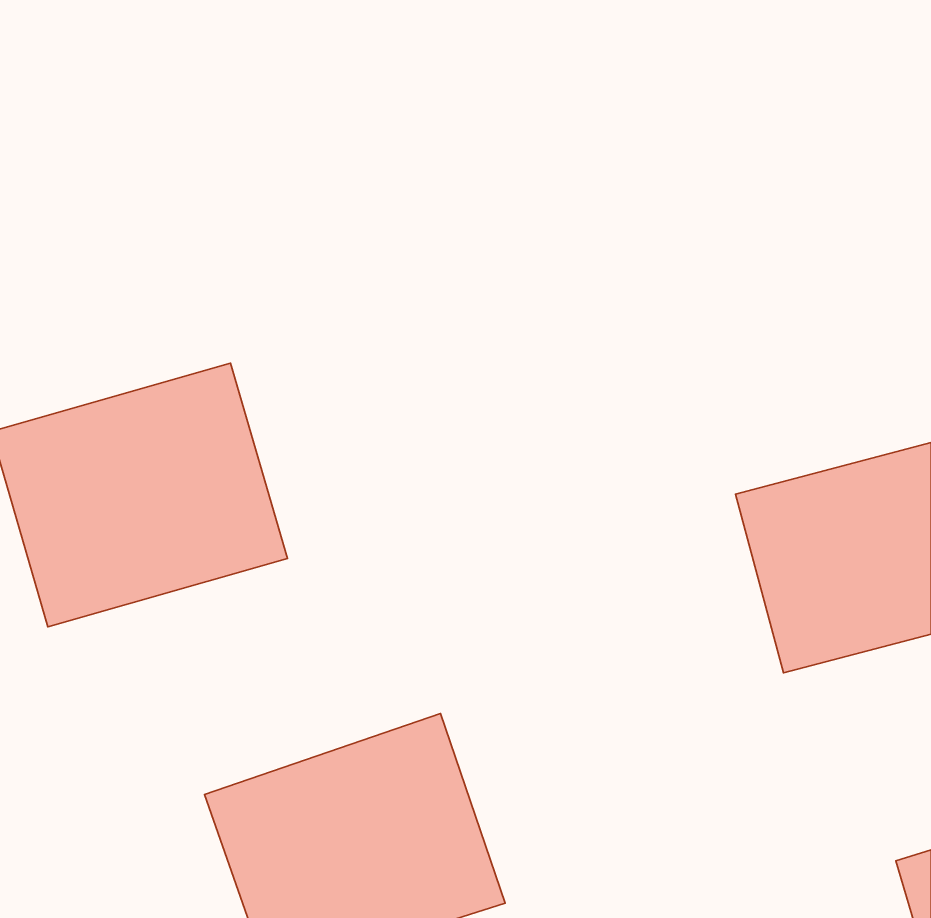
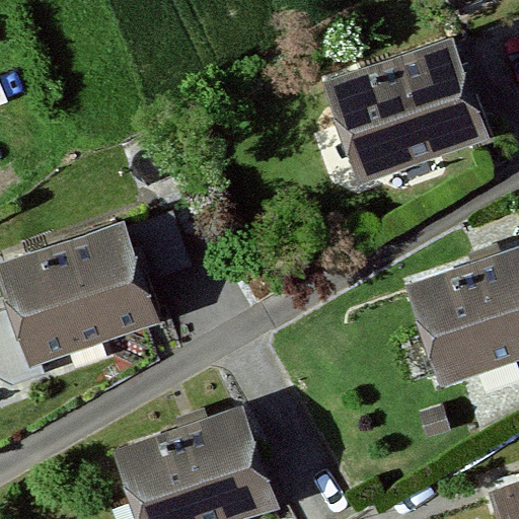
building: none -> [324,43,496,186]

